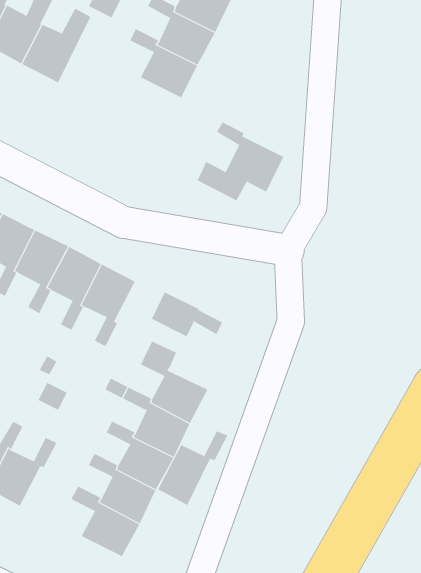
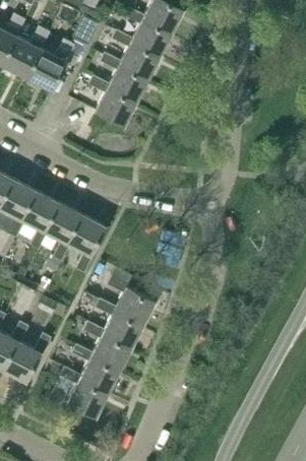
building: [197,121,284,201] -> [76,76,136,131]
building: [151,291,223,337] -> none
building: [158,431,228,506] -> none

